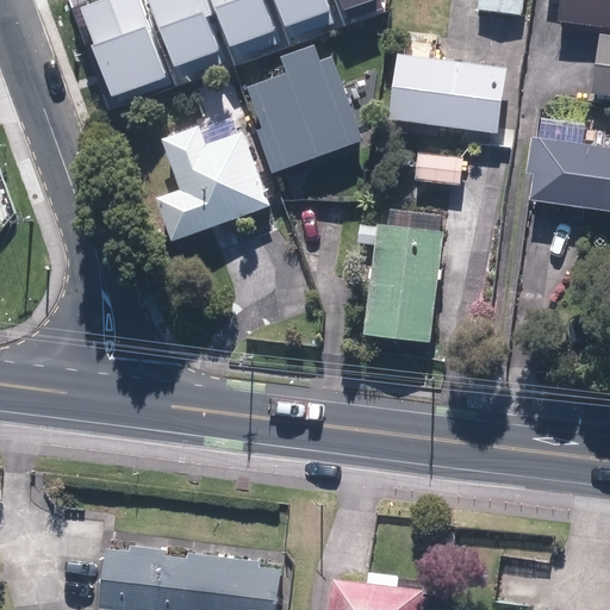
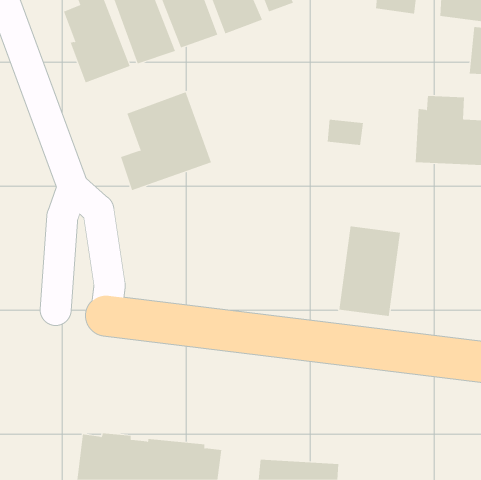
building: [391,27,505,136] -> none
building: [247,43,366,175] -> none
building: [363,228,442,342] -> [338,226,401,316]

